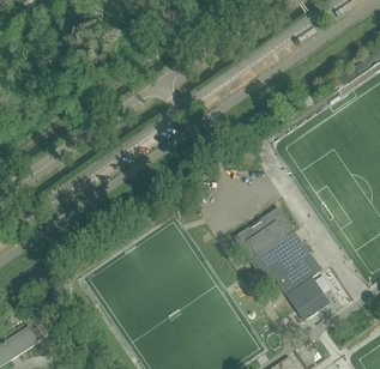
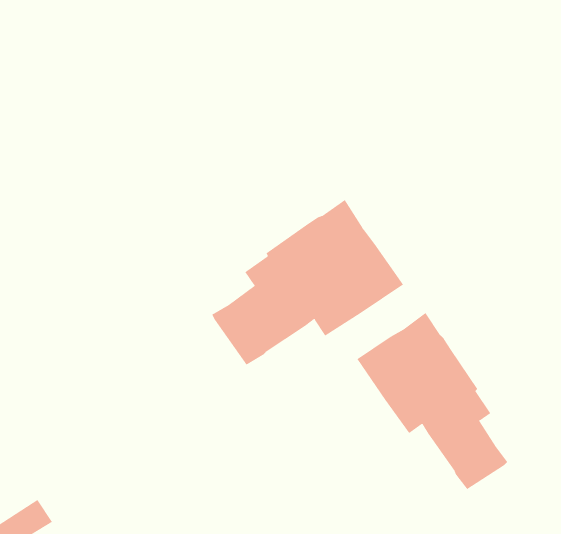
building: none -> [212,199,404,365]

